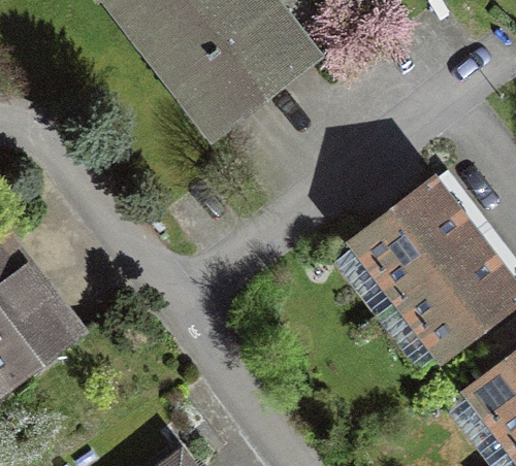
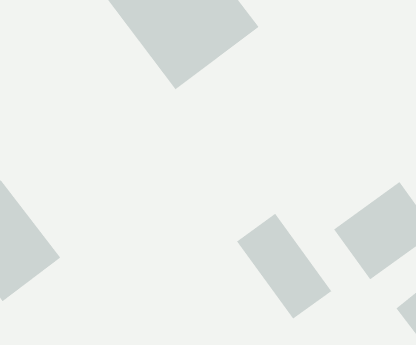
building: [354,180,476,296] -> none
building: none -> [236,213,332,320]

